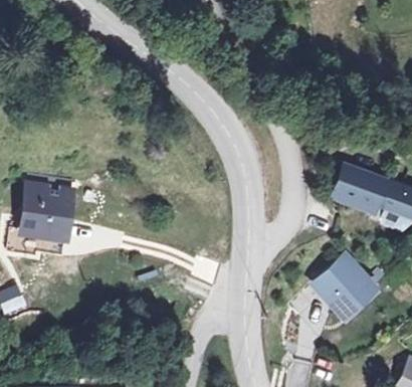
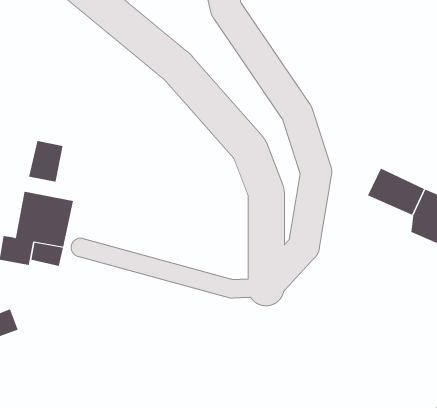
building: none -> [29,140,63,183]
building: [324,259,378,316] -> none

